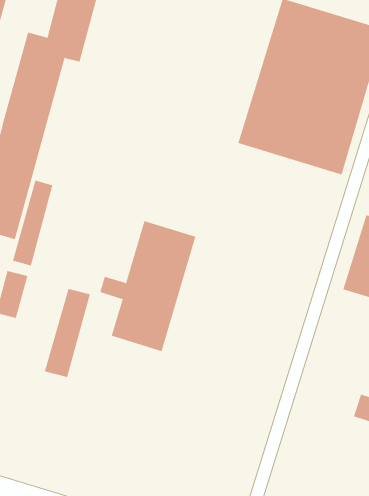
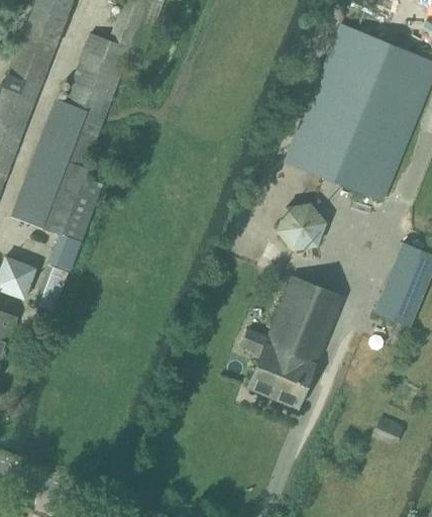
building: none -> [277,202,327,250]
building: [99,221,196,352] -> [242,279,341,408]
building: [44,288,91,378] -> none

